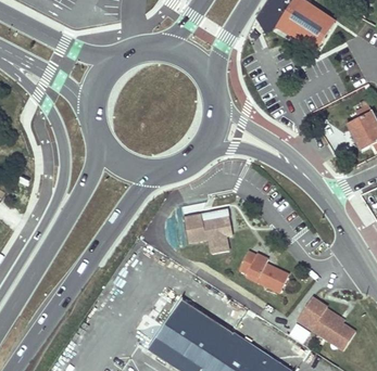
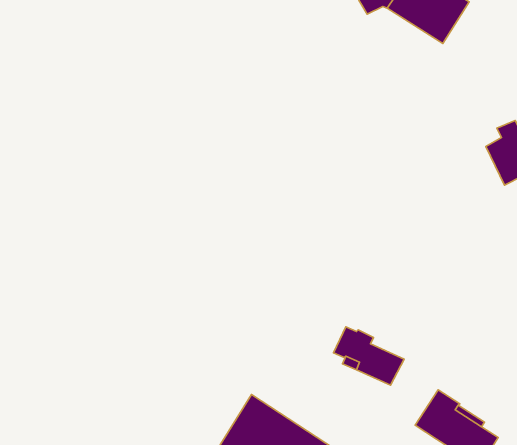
building: [183,214,231,254] -> none

